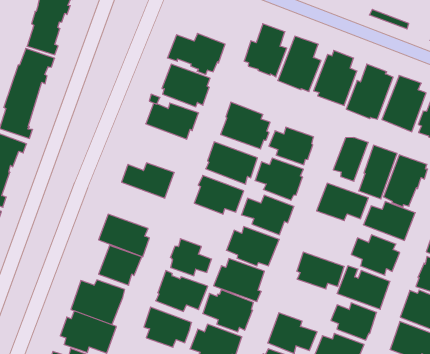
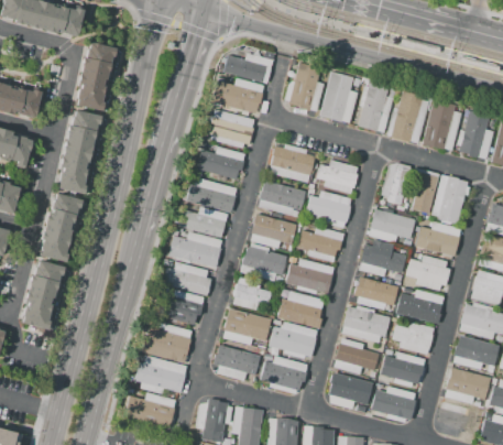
building: none -> [220,54,272,84]
building: none -> [185,178,238,213]
building: none -> [168,232,222,268]
building: none -> [240,242,287,284]
building: none -> [359,240,406,278]
building: none -> [341,306,391,344]

